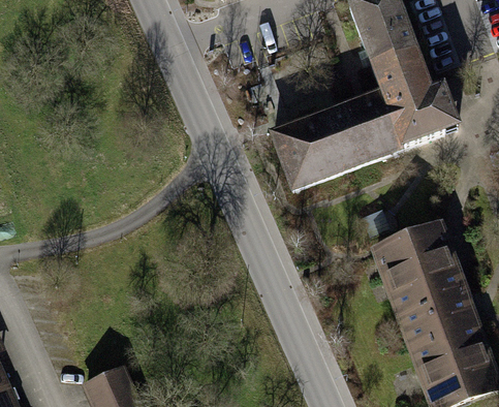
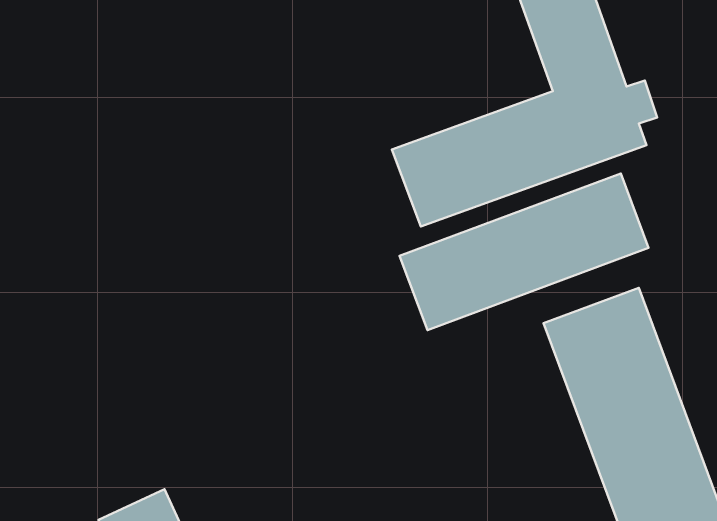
building: none -> [400,173,649,330]

